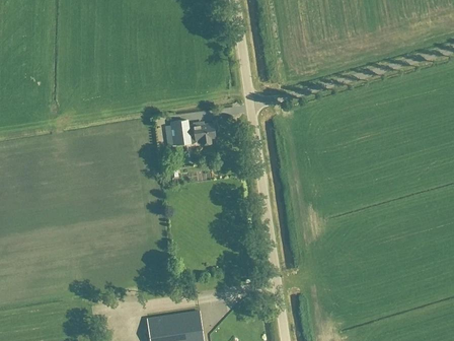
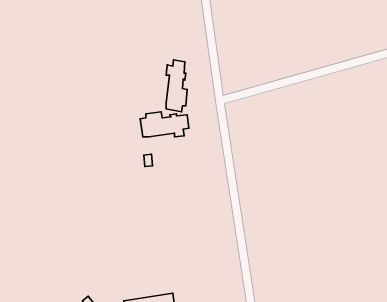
building: none -> [166,60,187,112]

